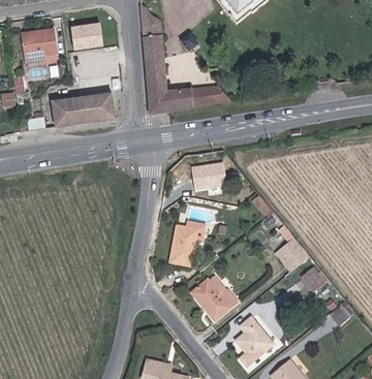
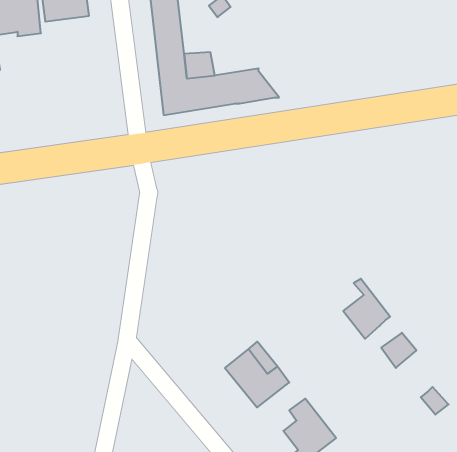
building: [53,91,117,126] -> none
building: [190,167,222,193] -> none
building: [172,222,197,264] -> none

